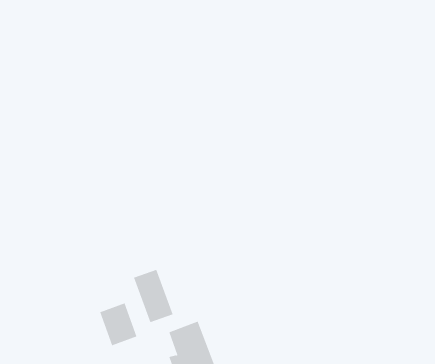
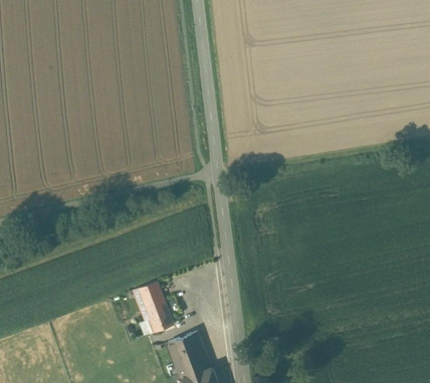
building: [99,302,137,346] -> none

